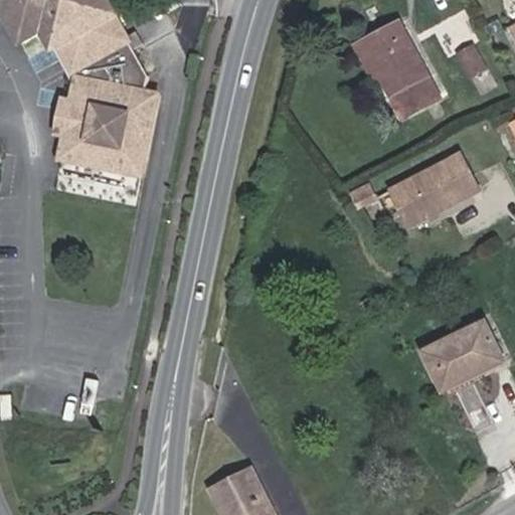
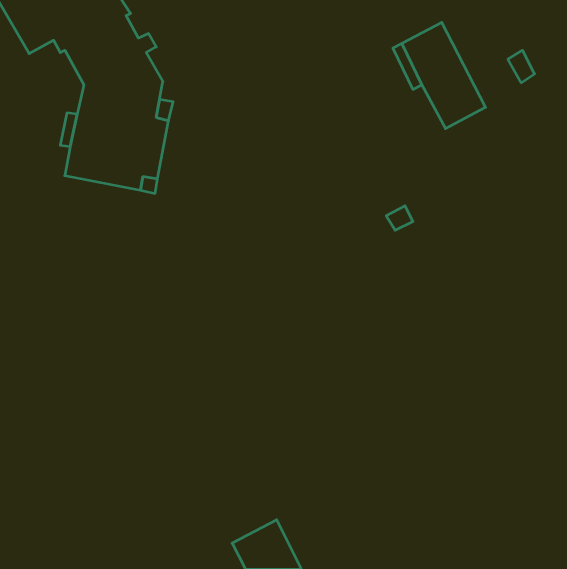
building: [389,153,479,226] -> none
building: [423,321,501,387] -> none

